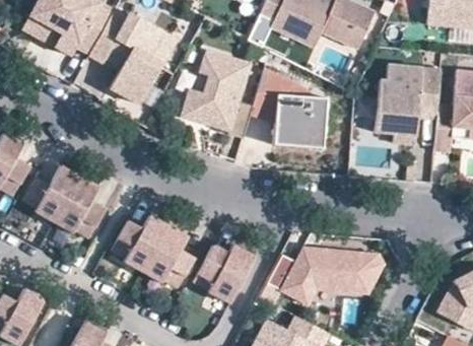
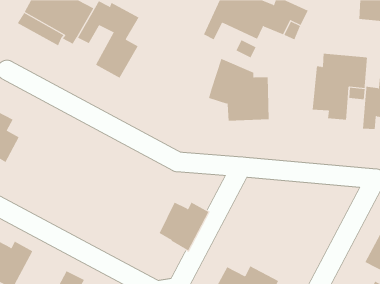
building: [184,50,255,139] -> none
building: [20,164,104,235] -> none
building: [111,213,195,284] -> none
building: [269,247,386,304] -> none

